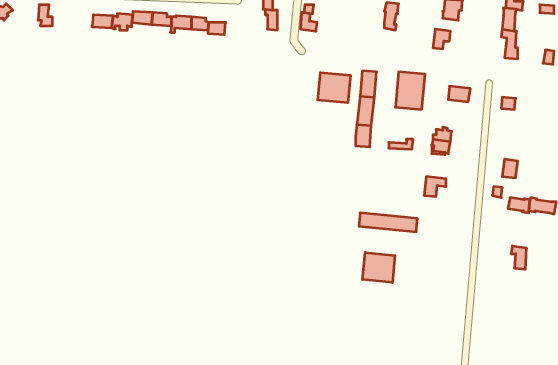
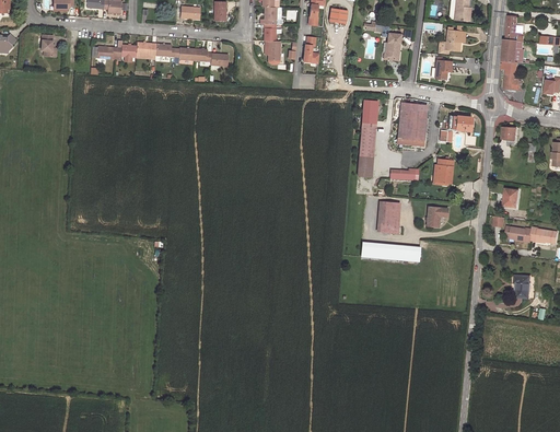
building: [318,73,350,103] -> none
building: none -> [377,201,399,232]
building: [363,252,395,283] -> none

